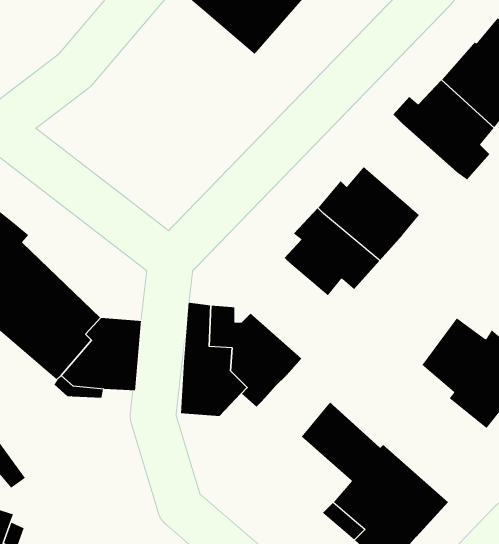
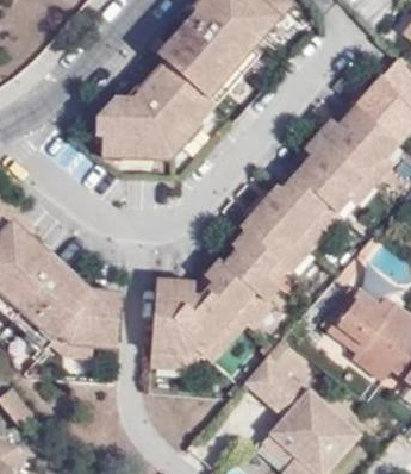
building: none -> [104,52,218,150]
building: none -> [294,133,375,212]
building: none -> [206,249,281,329]

